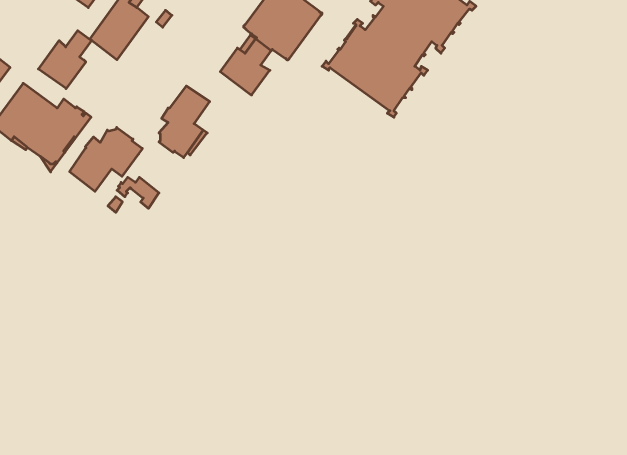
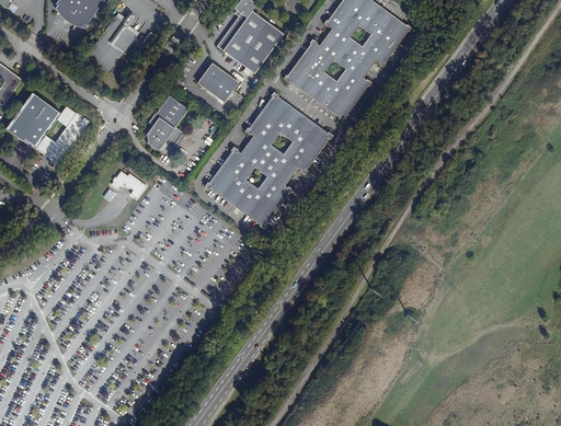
building: [38,31,92,89] -> none
building: none -> [204,91,333,229]
building: [70,127,142,191] -> none

